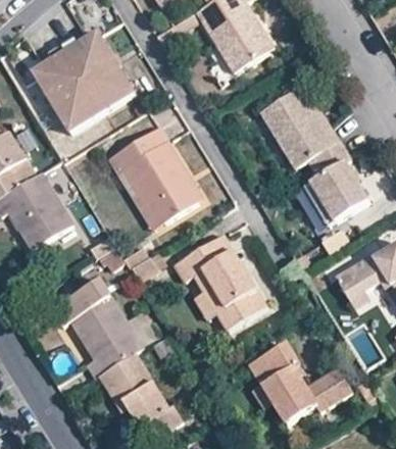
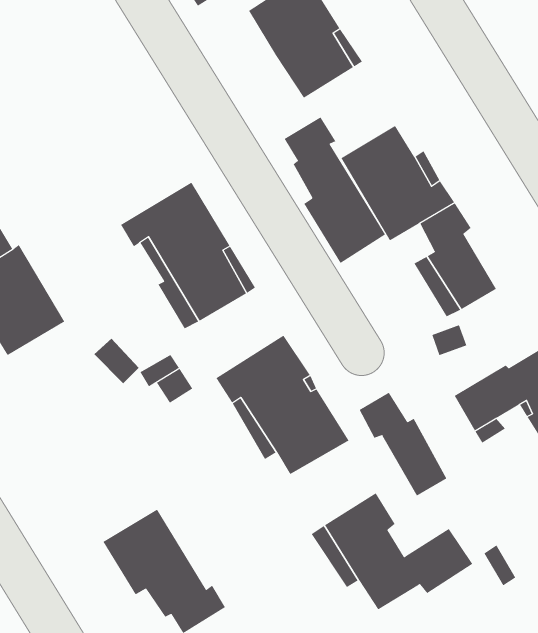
building: [32,34,134,134] -> none
building: none -> [284,116,386,264]
building: none -> [359,392,447,496]
building: [50,279,142,378] -> none

